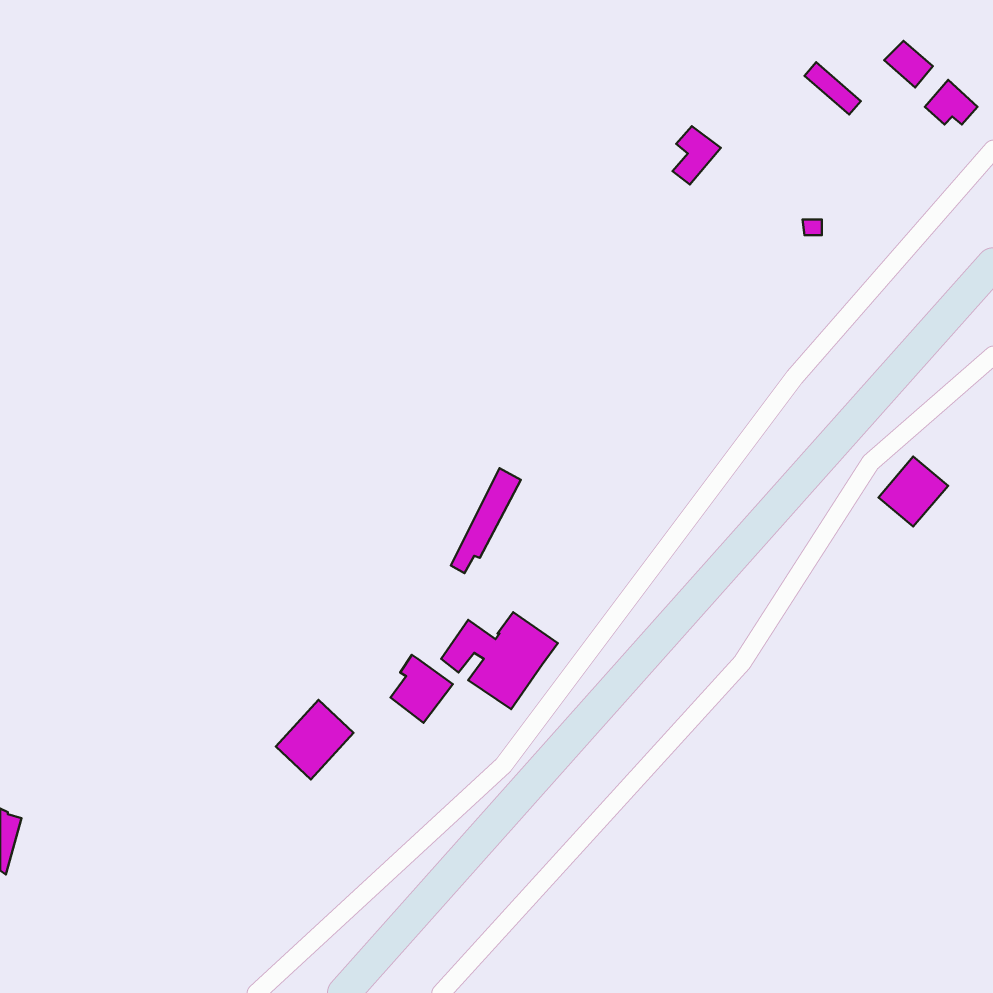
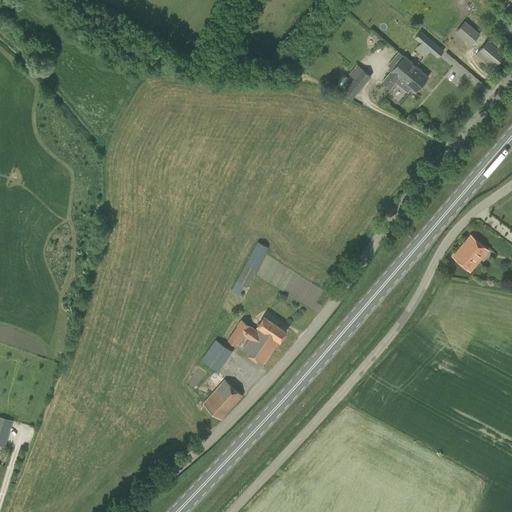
building: none -> [381,43,428,92]
building: [276,700,354,780] -> [203,379,243,420]

